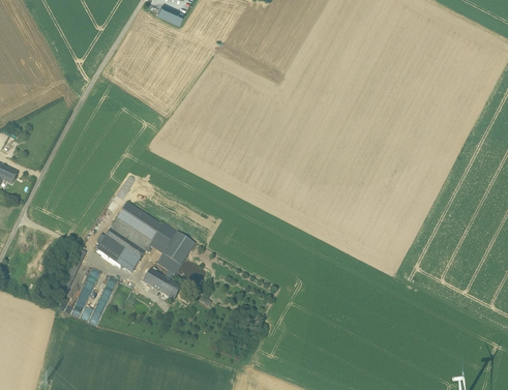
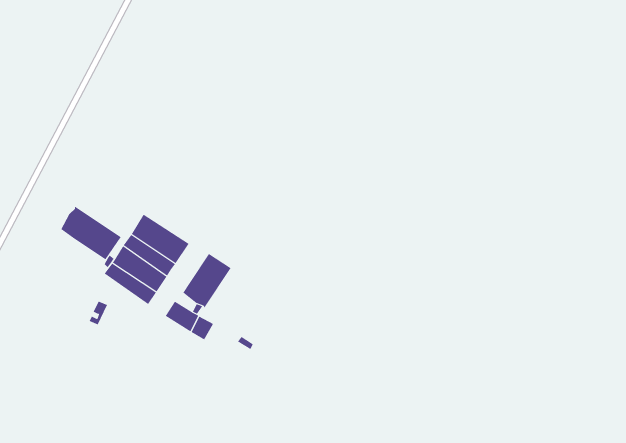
building: none -> [60,205,122,260]
building: [149,223,177,254] -> none

